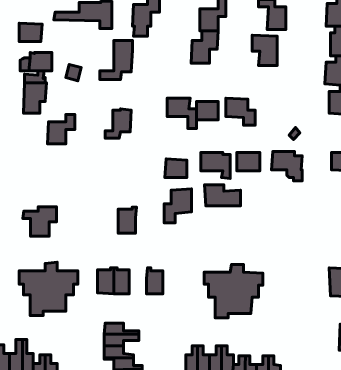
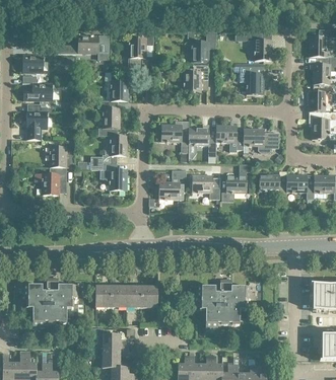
building: none -> [97,106,120,135]
building: none -> [243,128,278,150]
building: none -> [100,161,126,189]
building: none -> [285,173,314,198]
building: [204,185,240,206] -> none
building: [164,189,191,223] -> none
building: [23,207,57,236] -> [35,166,66,194]
building: [118,207,137,233] -> [125,282,142,306]

